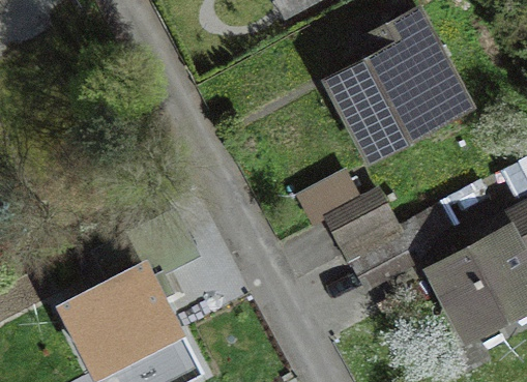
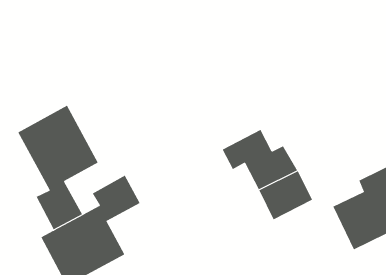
building: [331,13,460,148] -> none
building: none -> [17,105,99,230]

